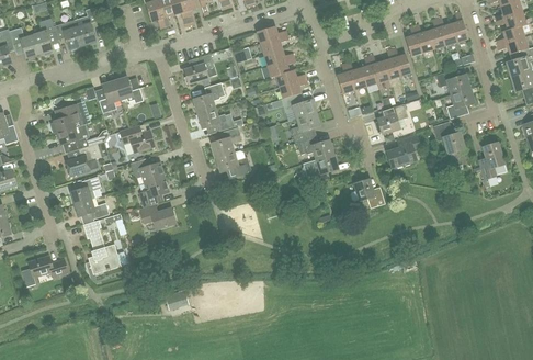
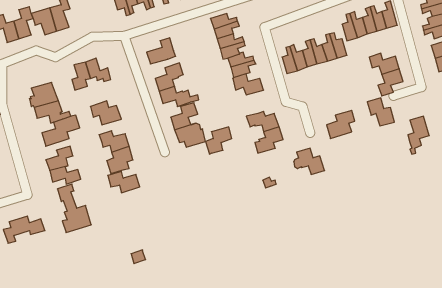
building: [374,103,407,133] -> none
building: [290,112,319,143] -> [206,127,232,154]

